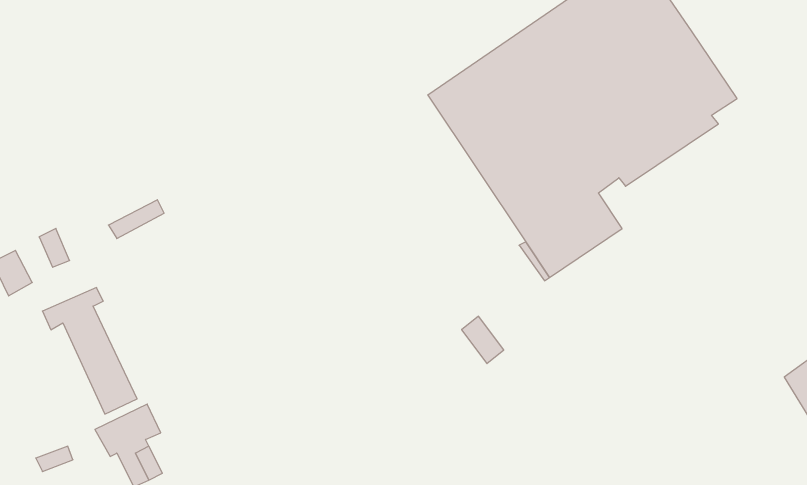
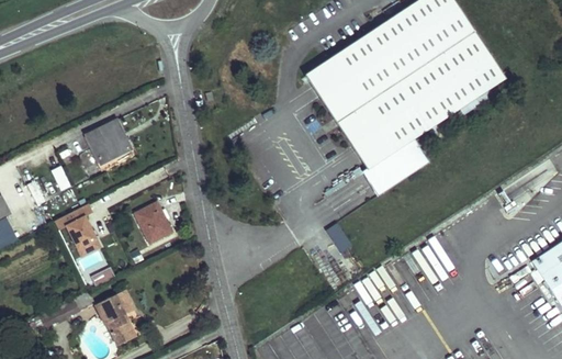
building: none -> [86,123,128,161]
building: none -> [136,202,166,234]

